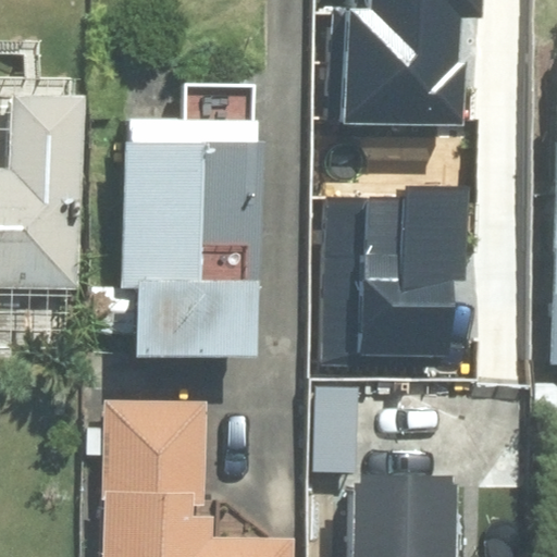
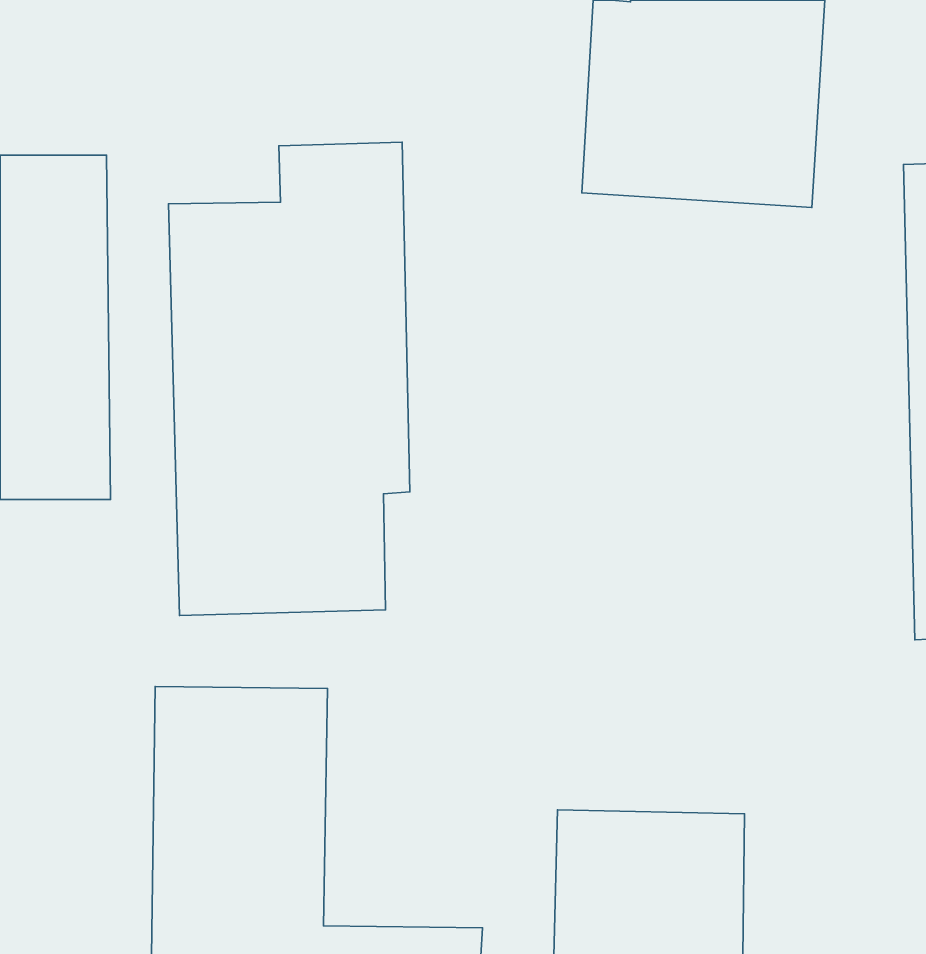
building: [341,188,492,357] -> none

